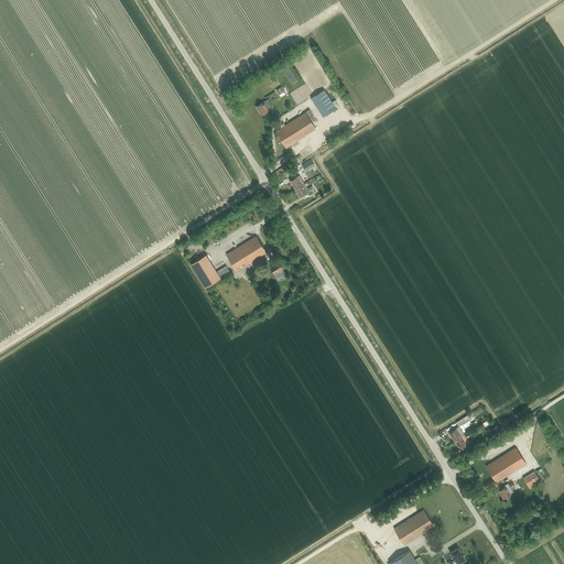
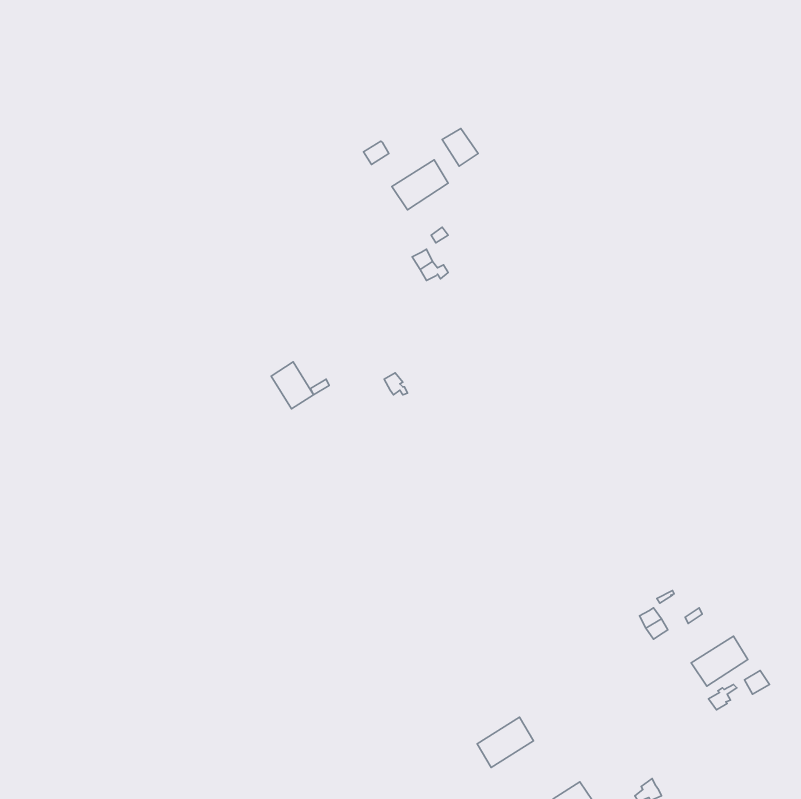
building: [226,237,265,272] -> none
building: [394,511,434,546] -> [477,717,534,767]

